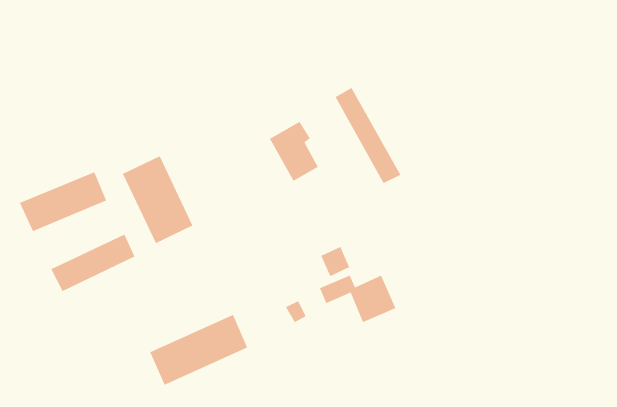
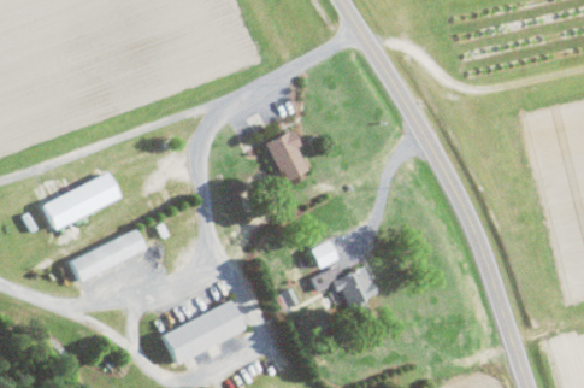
building: [334,87,402,184] -> none
building: [122,155,193,244] -> none

